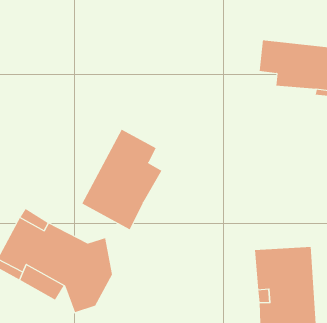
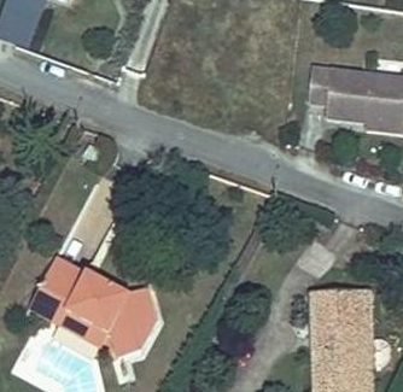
building: [81,129,162,230] -> none

